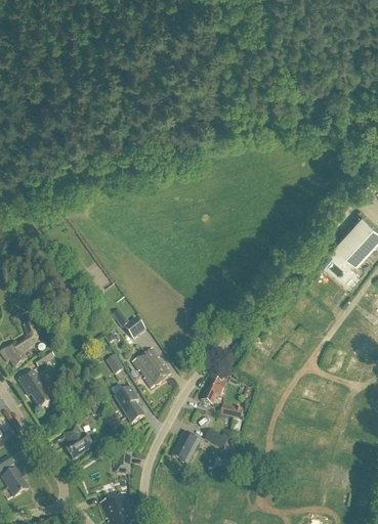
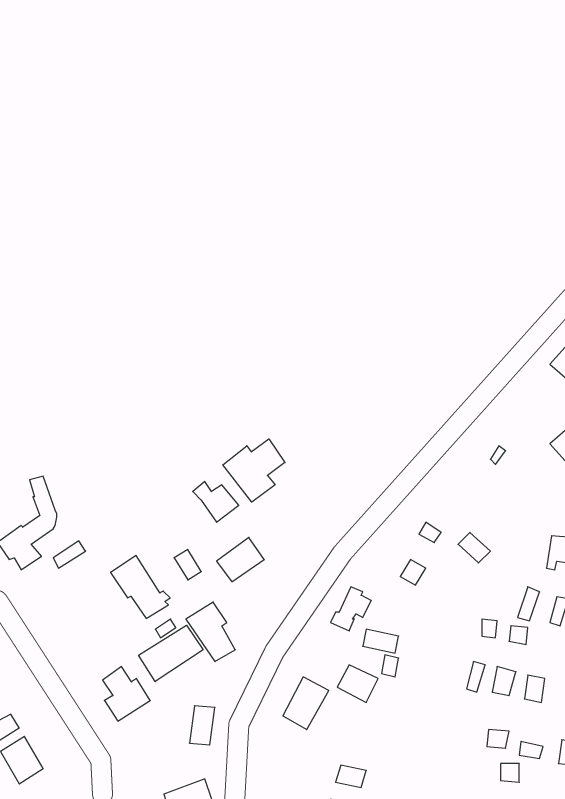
building: none -> [223,439,285,502]
building: [141,362,170,389] -> none
building: [17,372,53,409] -> [111,555,170,618]
building: none -> [139,625,203,682]

